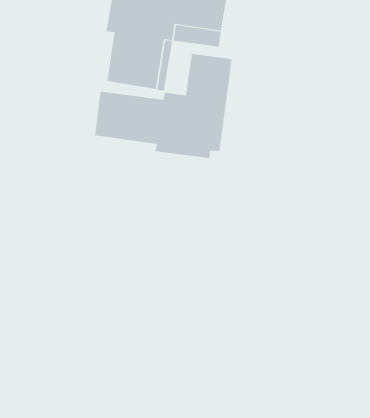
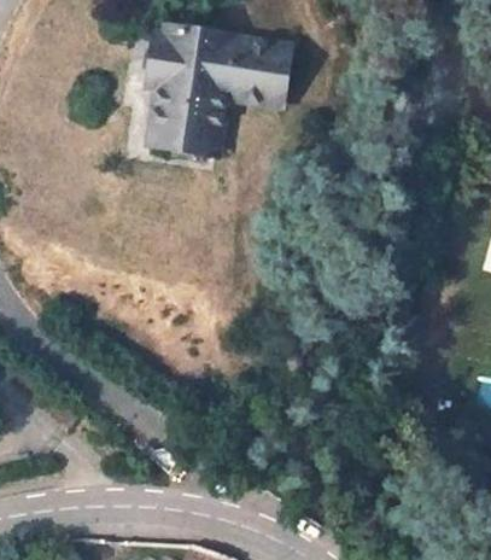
building: [95,53,232,159] -> none

